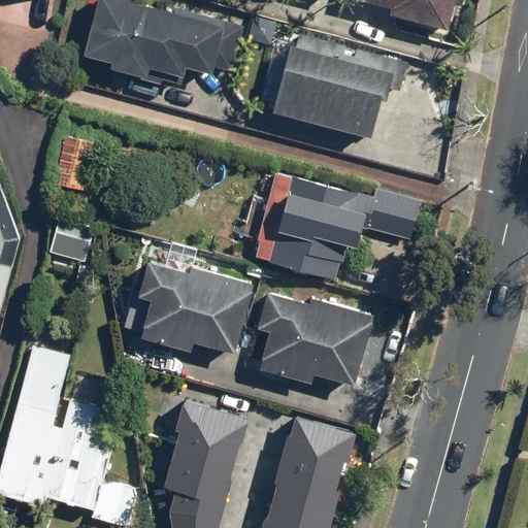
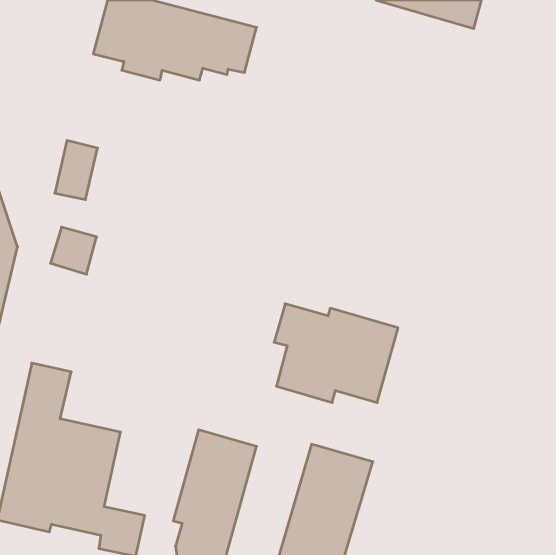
building: [277,38,405,139] -> none
building: [256,172,417,278] -> none
building: [140,261,255,352] -> none

